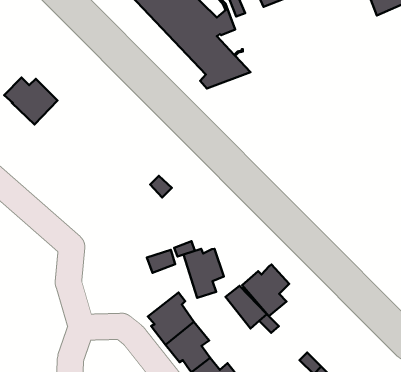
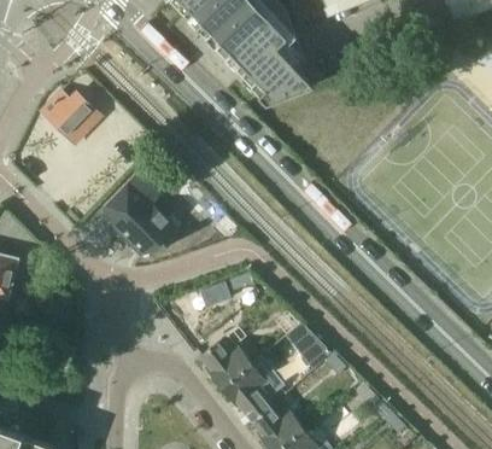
building: none -> [104,167,180,256]
building: [184,249,224,298] -> none
building: [242,264,289,316] -> none

